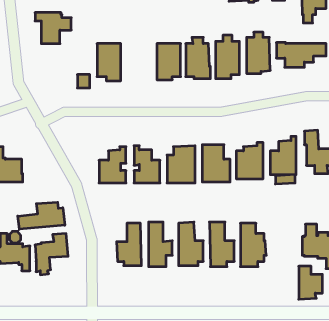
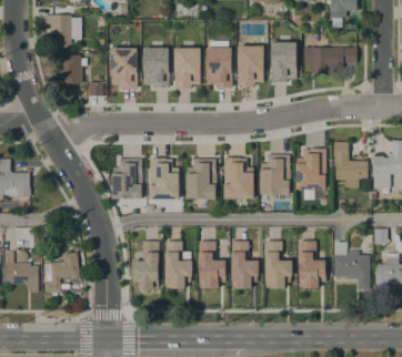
building: none -> [143,47,168,85]
building: none -> [58,54,87,83]
building: [18,202,65,229] -> none
building: [299,266,322,299] -> [299,252,324,287]

